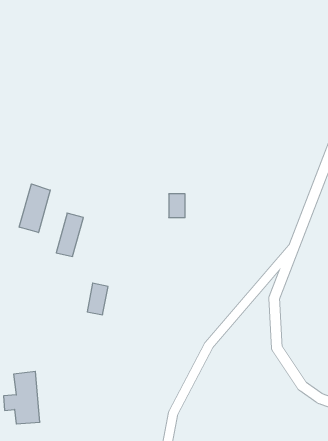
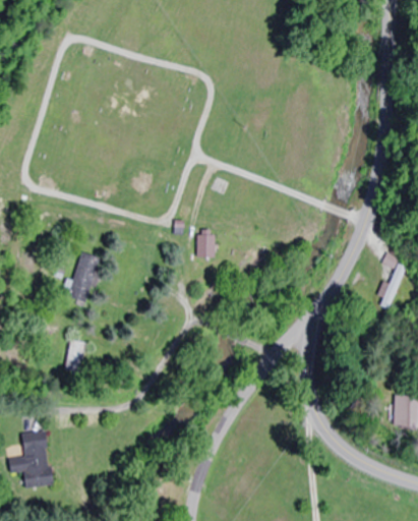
building: [19,184,50,233] -> none
building: [87,283,108,315] -> [64,338,87,373]

